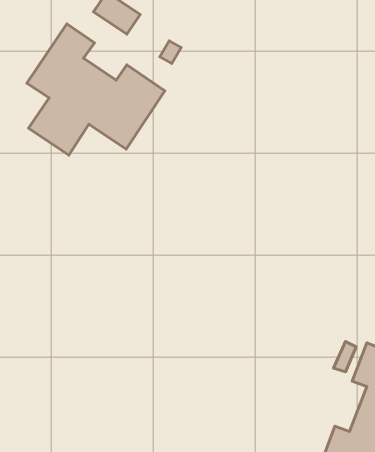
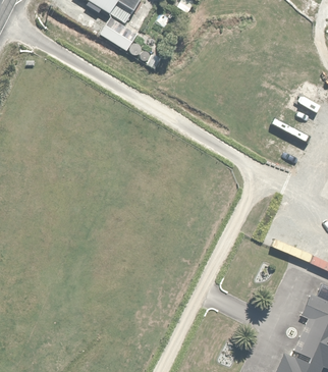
building: [27,24,165,155] -> none

